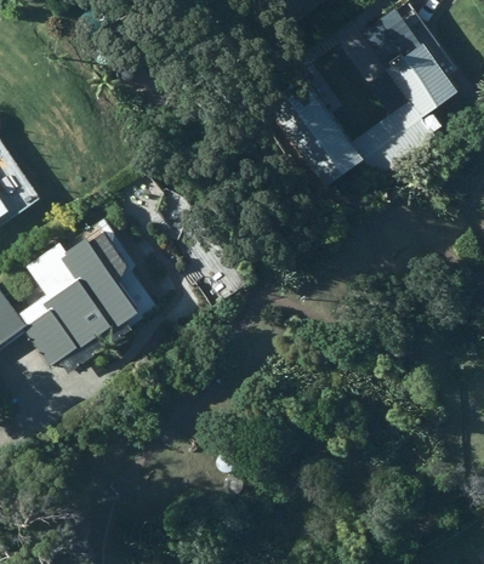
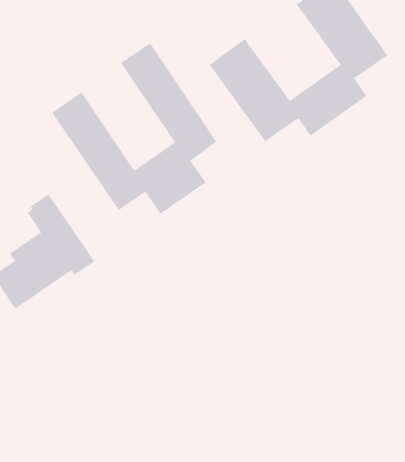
building: none -> [51,43,217,215]

